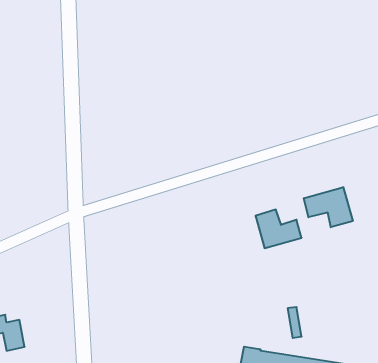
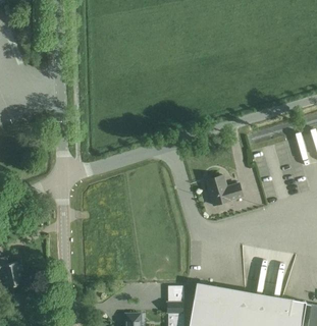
building: [304,187,353,227] -> none

